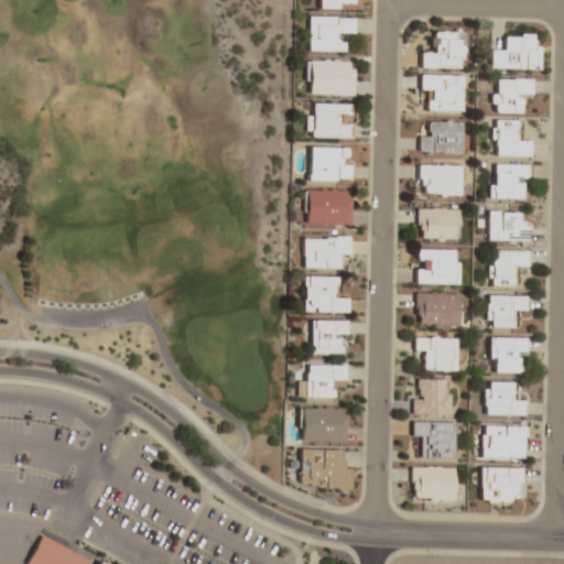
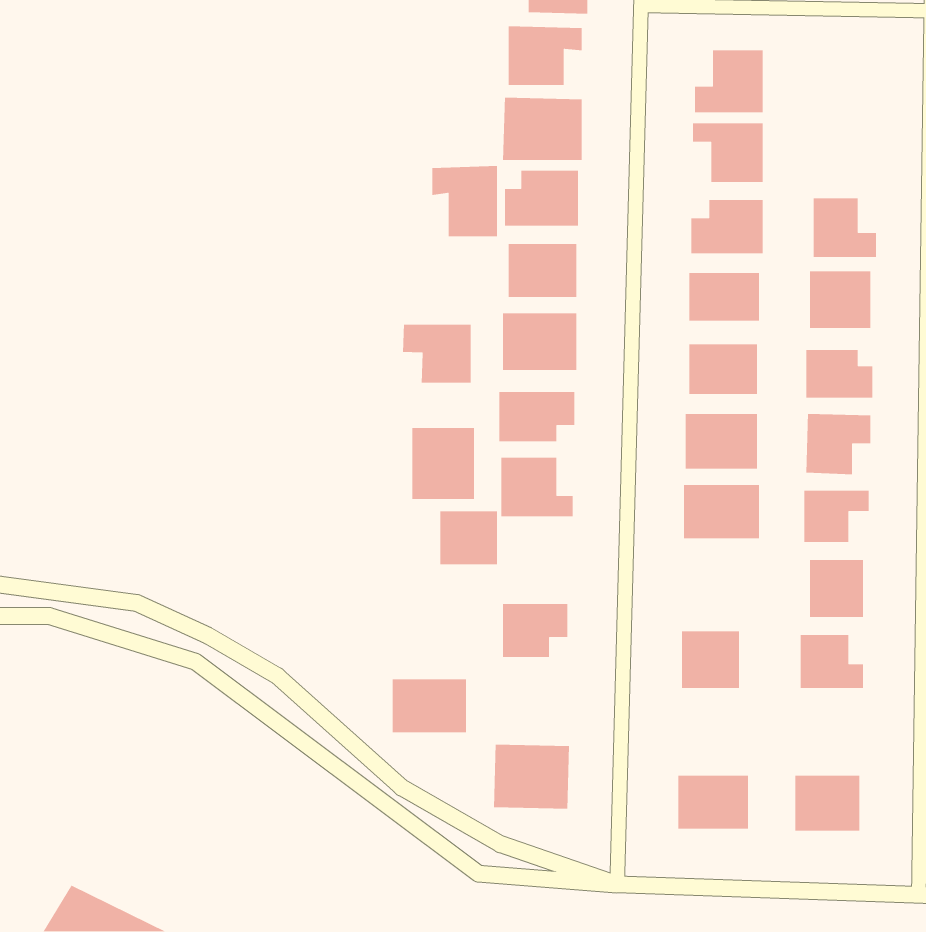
building: [492,33,542,69] -> none
building: [495,77,534,112] -> none
building: none -> [432,165,498,237]
building: none -> [402,324,471,384]
building: none -> [412,427,475,500]
building: [313,321,348,354] -> [439,510,498,565]
building: [416,338,457,371] -> none
building: [302,408,347,441] -> [392,678,467,733]
building: [414,422,456,459] -> none
building: [484,426,525,457] -> none

